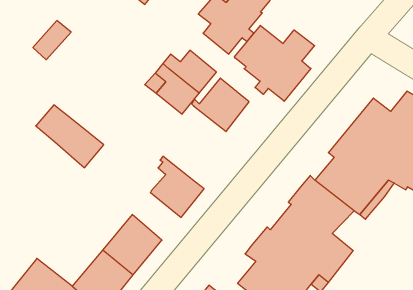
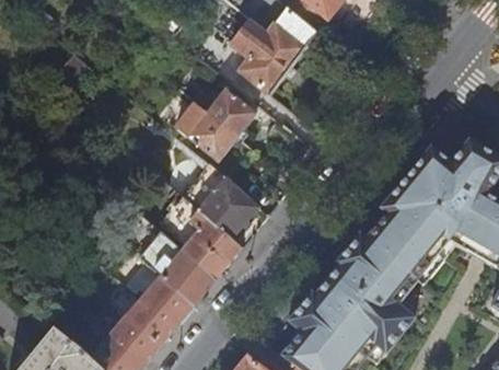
building: [235,25,315,101] -> none
building: [192,78,249,132] -> [193,176,258,238]
building: [36,105,104,168] -> [138,232,216,304]

